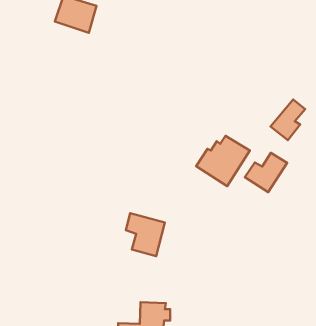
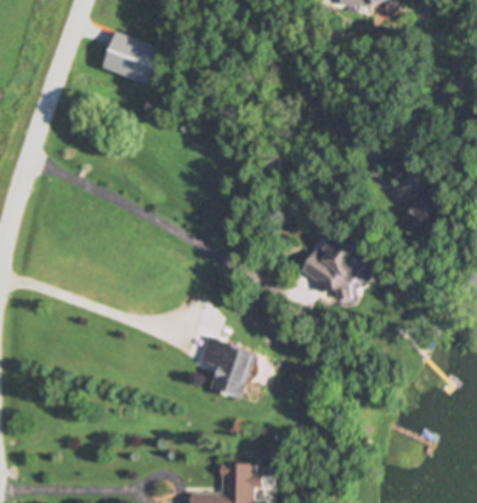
building: [245,153,287,192] -> none

